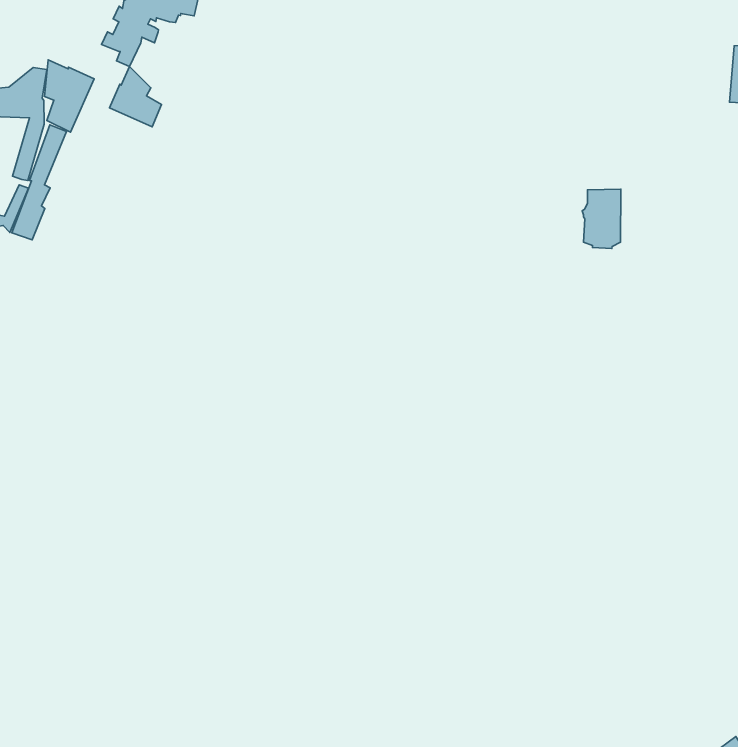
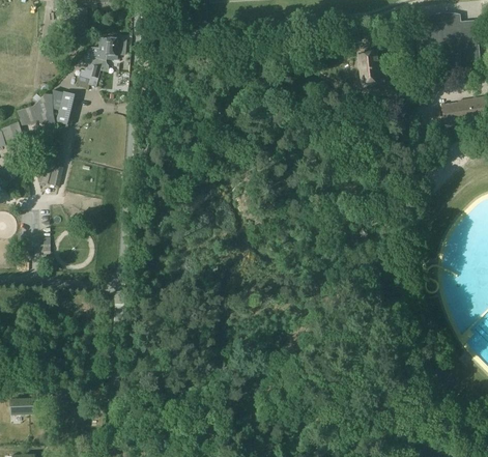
building: [109,67,162,127] -> none
building: [582,189,621,249] -> [356,51,379,84]

